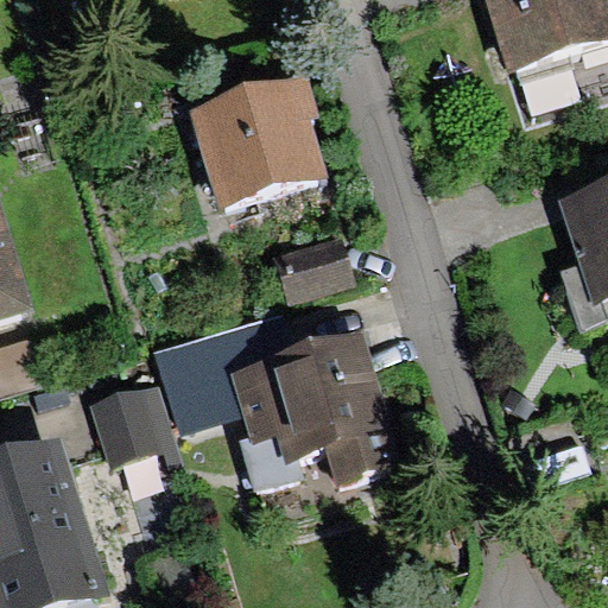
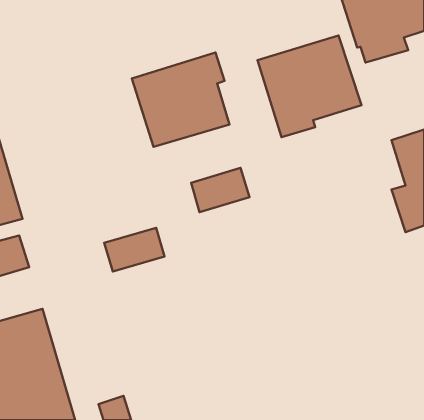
building: none -> [258,35,361,137]
building: [226,329,403,489] -> none
building: [88,380,179,464] -> none

